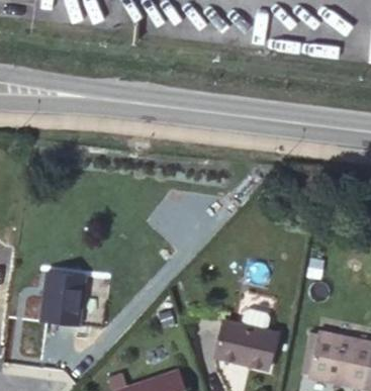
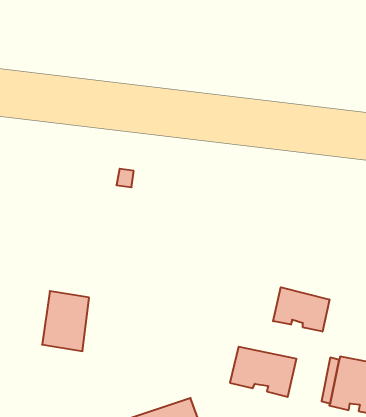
building: none -> [273,287,329,332]

